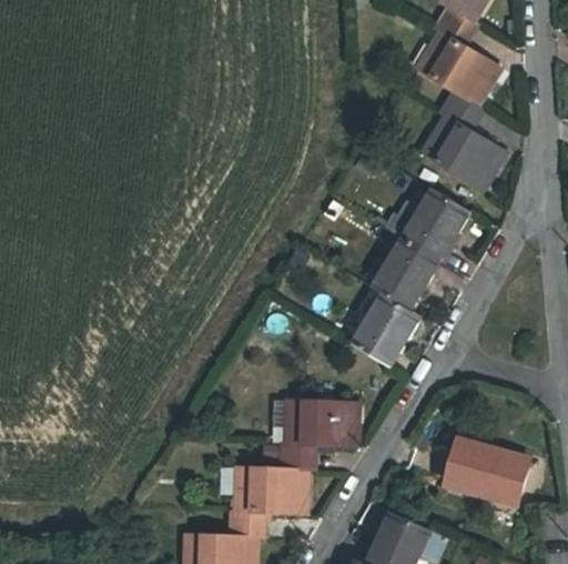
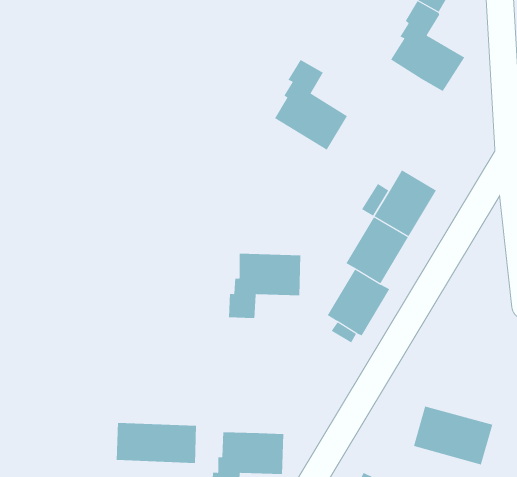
building: [425,91,504,189] -> [274,59,348,151]
building: [280,400,357,470] -> [228,253,301,319]
building: none -> [116,422,197,464]

